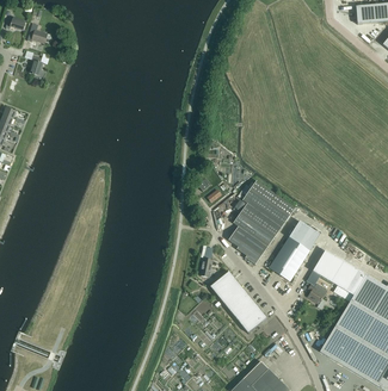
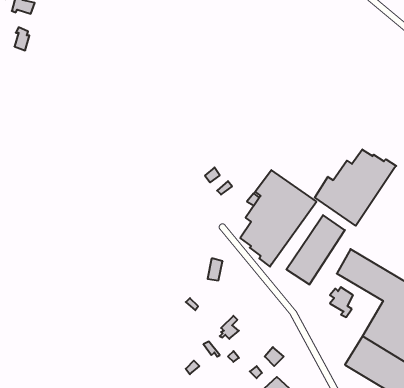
building: none -> [315,149,396,226]
building: [210,269,266,331] -> none

